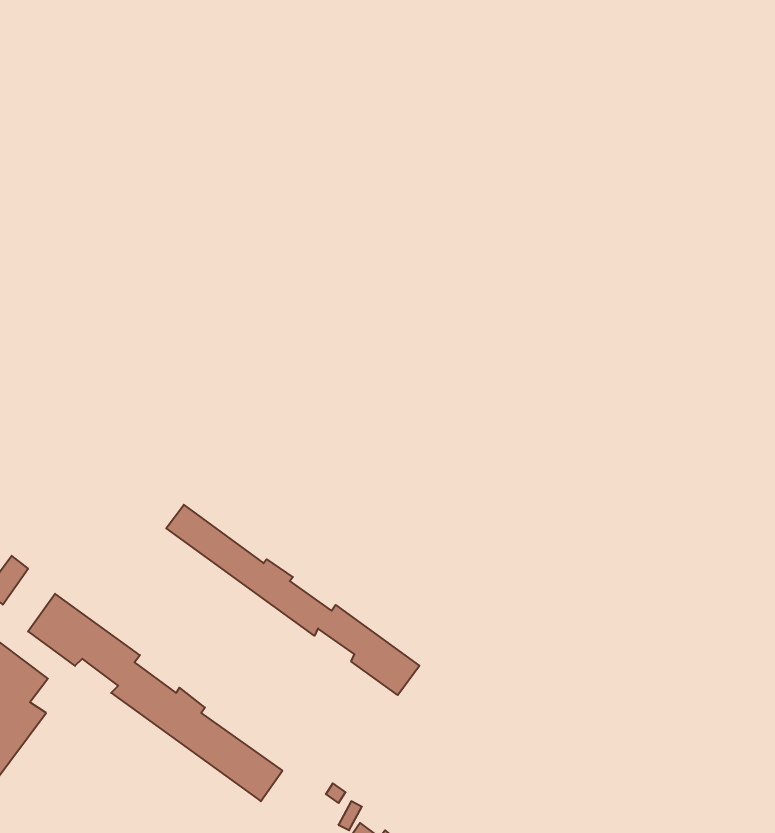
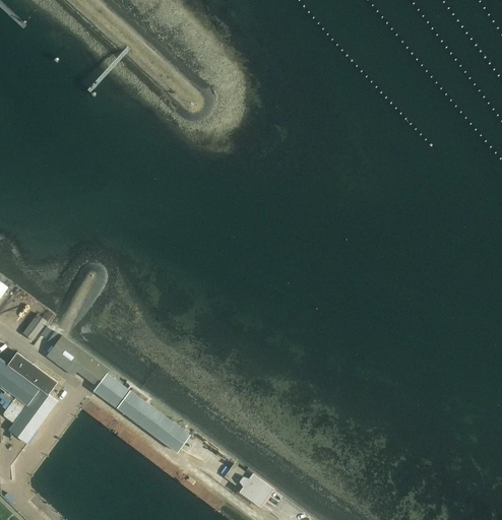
building: [166,505,419,695] -> none

